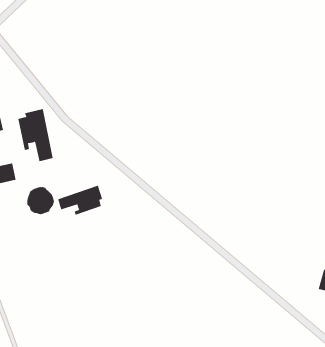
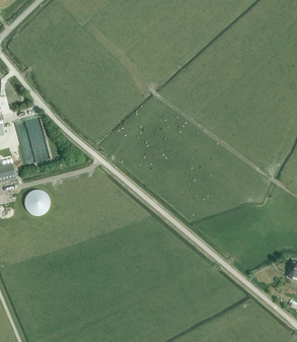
building: [57,185,103,215] -> none

